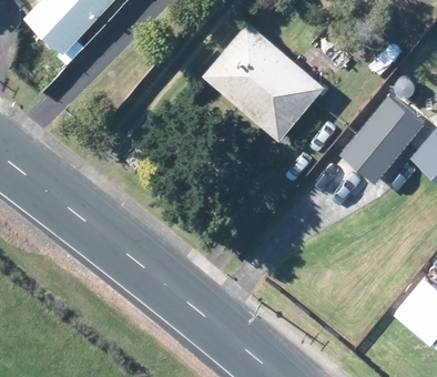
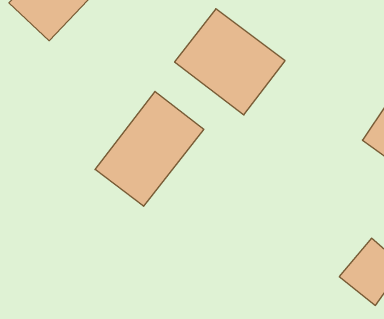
building: [343,89,429,175] -> none
building: none -> [95,91,204,206]

